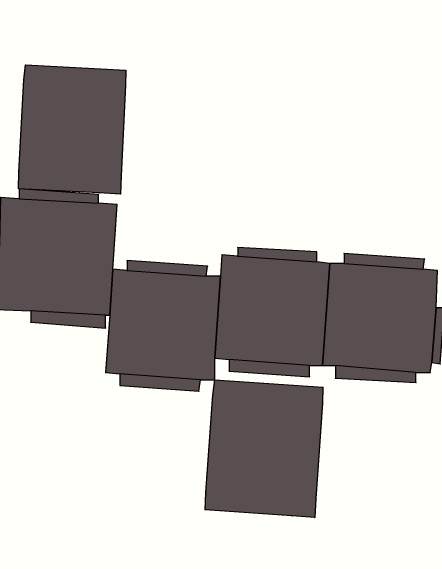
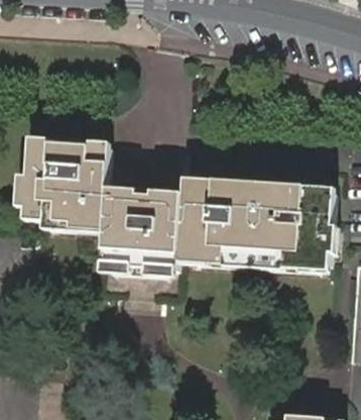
building: [19,65,126,194] -> none
building: [205,380,323,518] -> none

